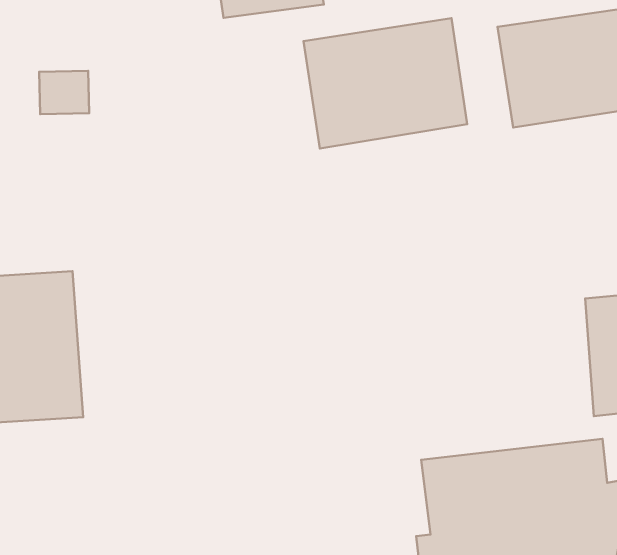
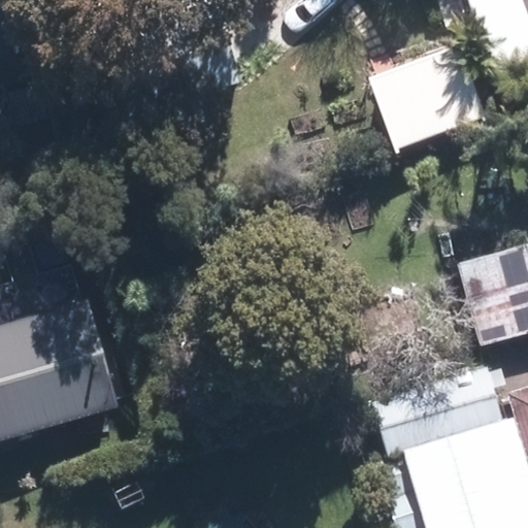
building: [303,18,467,148] -> none

